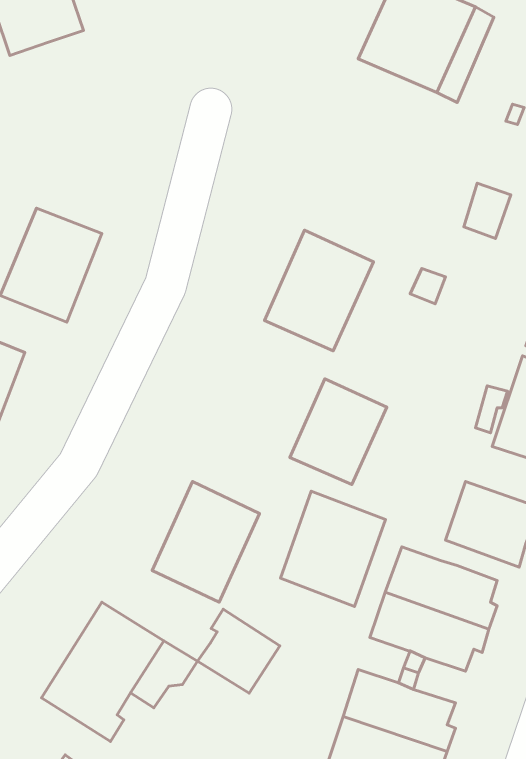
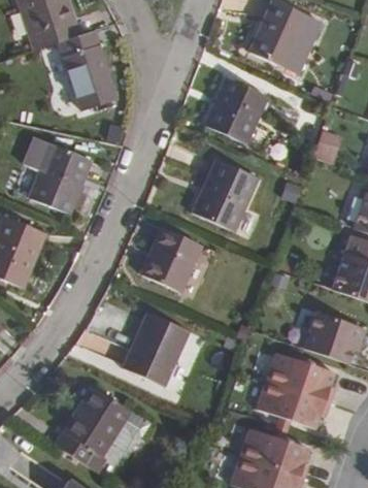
building: none -> [59,29,118,109]
building: none -> [204,75,268,143]
building: [290,379,387,484] -> [141,226,201,291]
building: [280,491,385,606] -> none
building: [197,609,280,693] -> none

